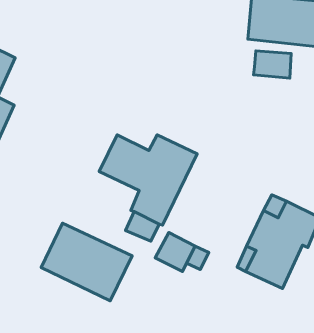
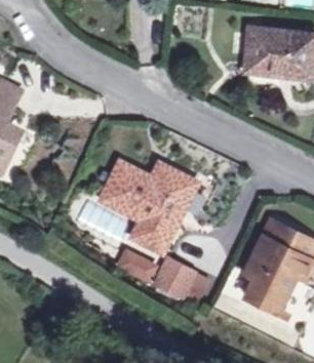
building: [254,51,291,78] -> none
building: [41,223,132,301] -> none

